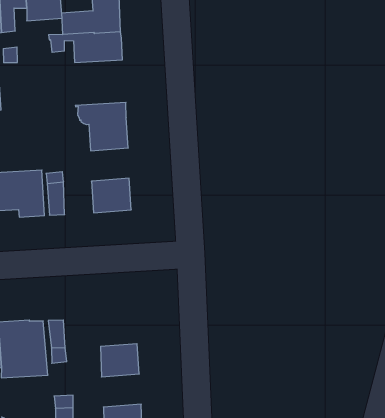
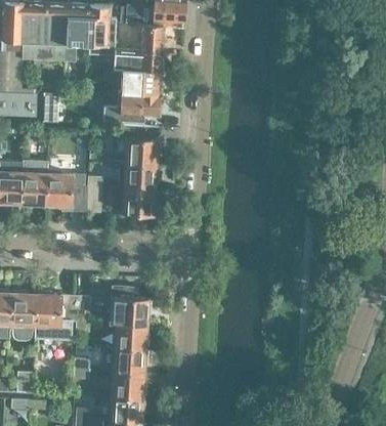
building: none -> [110,91,160,116]
building: none -> [119,163,157,189]
building: none -> [110,287,148,324]
building: none -> [114,347,145,373]

